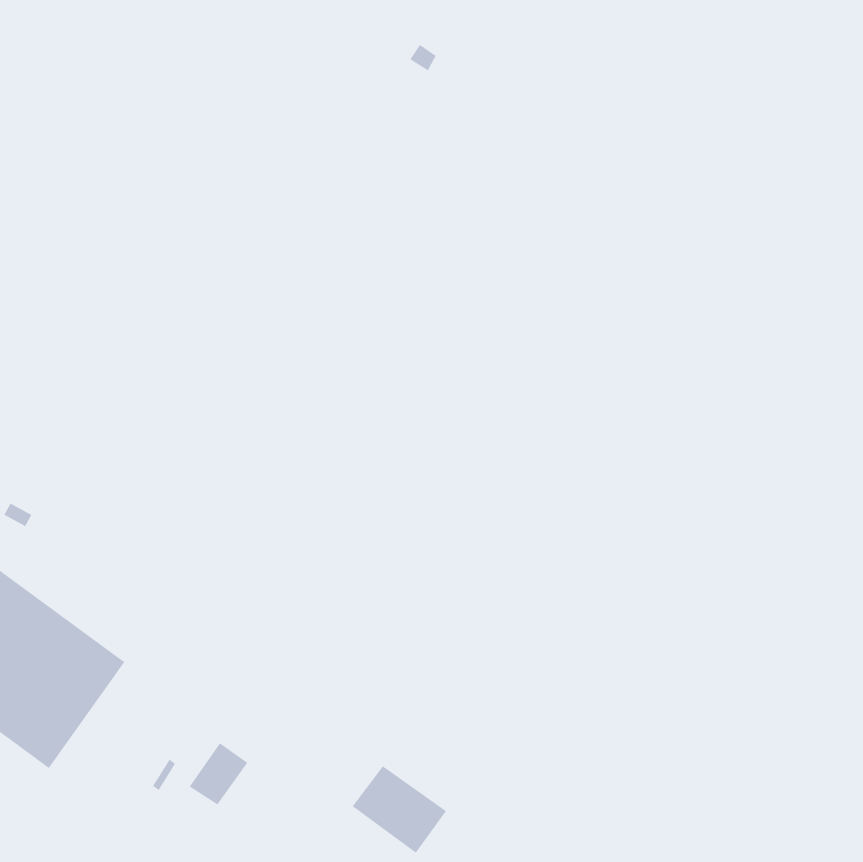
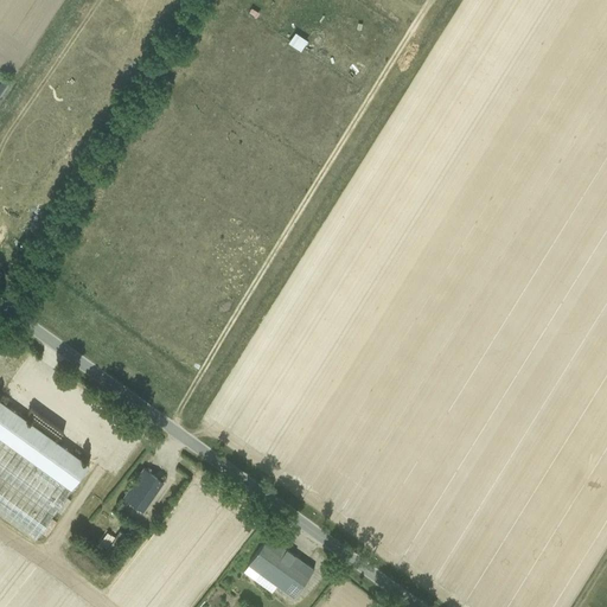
building: [189,743,248,805] -> [121,469,162,513]

